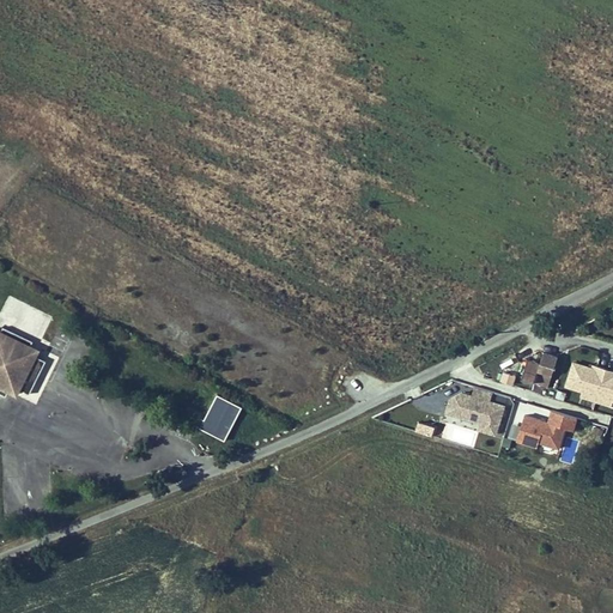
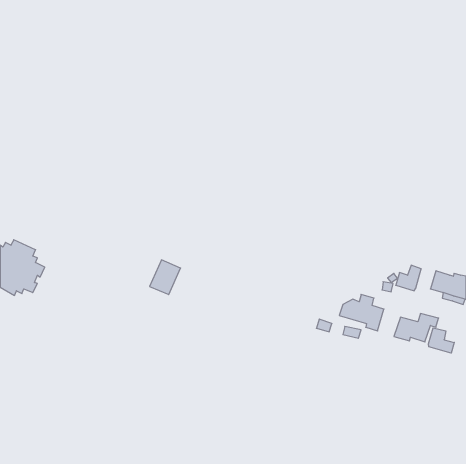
building: [200,395,241,441] -> [150,260,181,295]
building: none -> [428,328,454,353]

